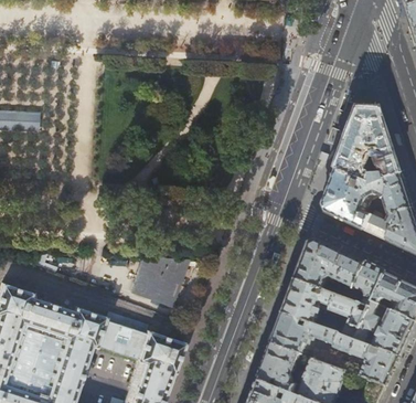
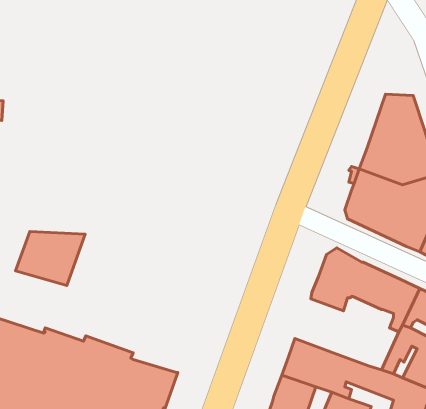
building: [126,259,184,305] -> [15,232,85,285]
building: [280,280,367,340] -> none

